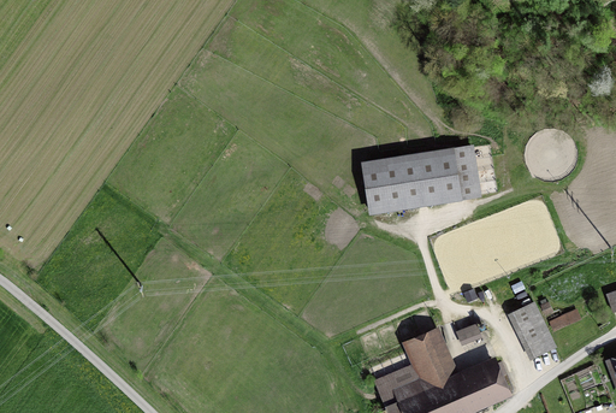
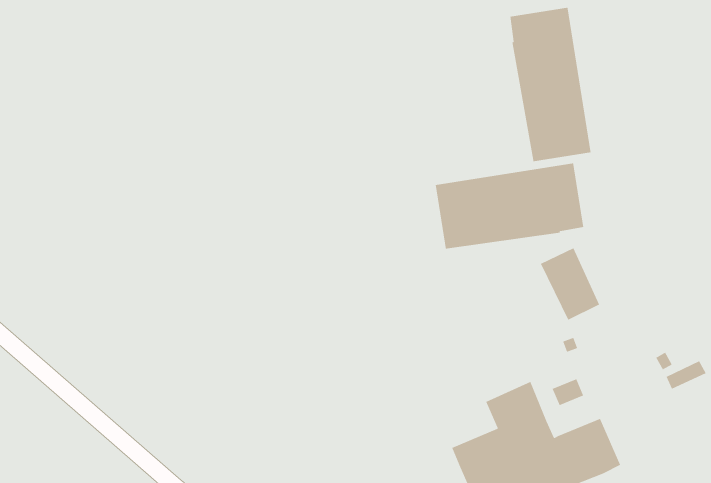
building: none -> [510,7,591,162]
building: [508,299,557,359] -> [540,247,600,321]

